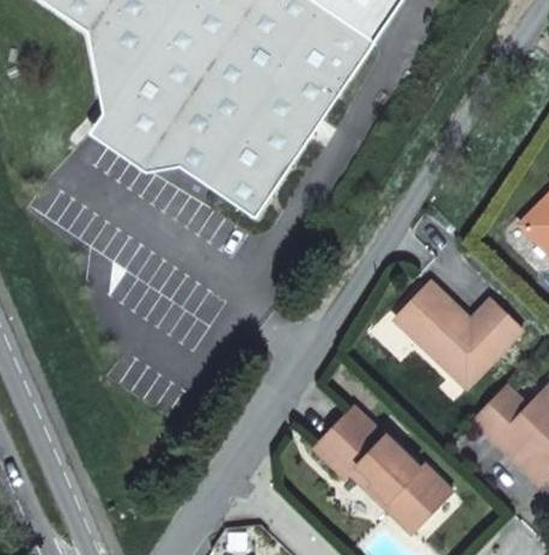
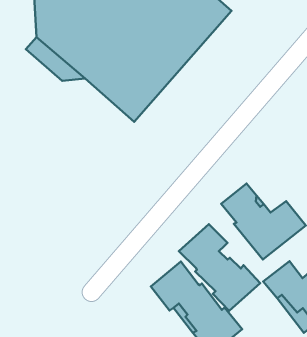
building: none -> [179,224,260,311]

